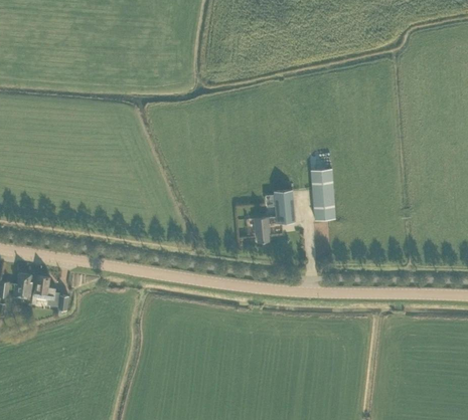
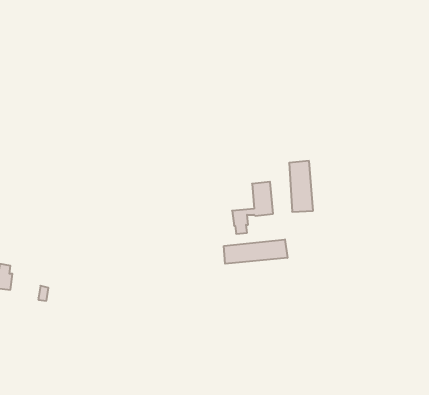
building: none -> [224,239,287,264]
building: [30,274,54,303] -> none

